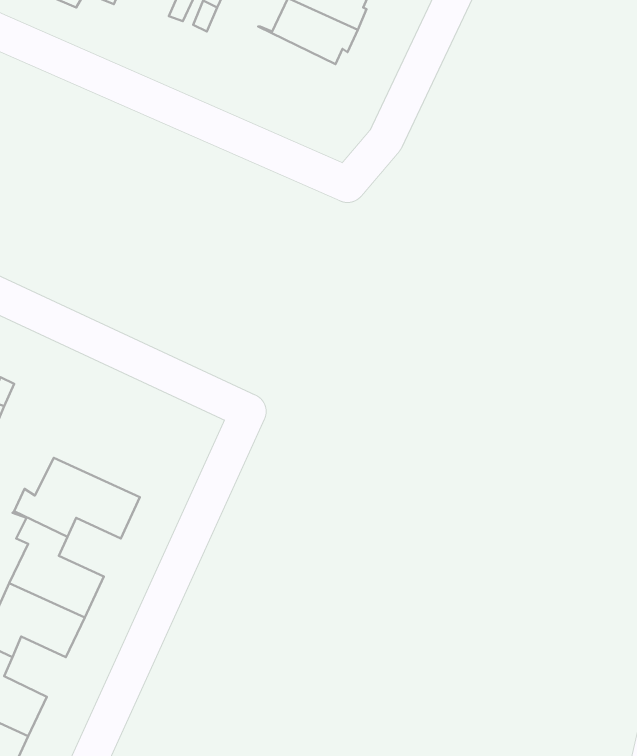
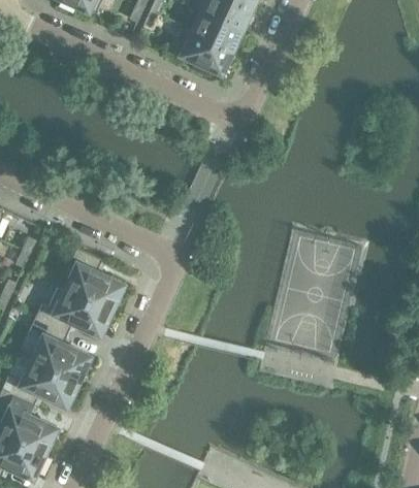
building: none -> [173,27,229,72]
building: none -> [60,250,123,310]

